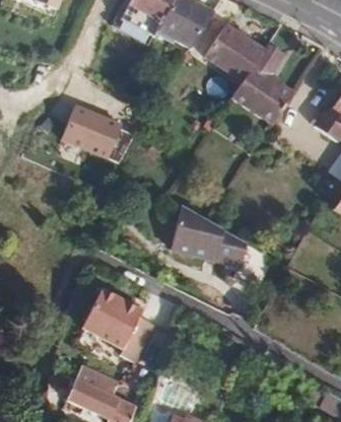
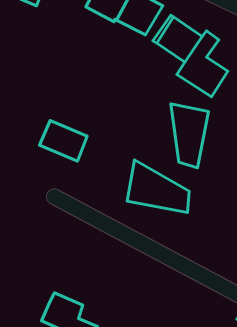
building: [62,94,121,144] -> [39,121,87,161]
building: none -> [171,104,208,168]
building: [82,289,153,364] -> none

